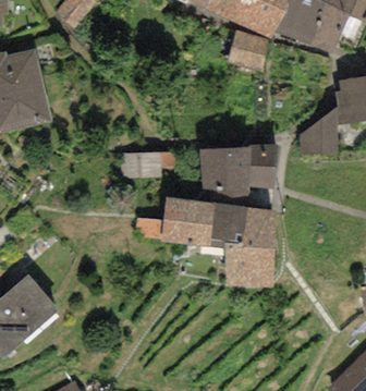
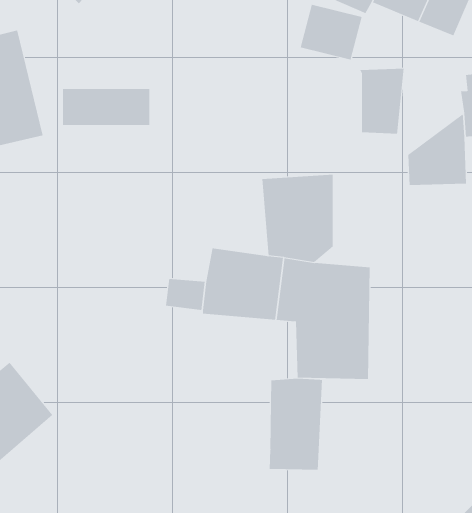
building: [248,143,279,187] -> [360,68,404,134]
building: [115,151,175,176] -> [62,89,150,126]
building: none -> [269,378,322,470]

